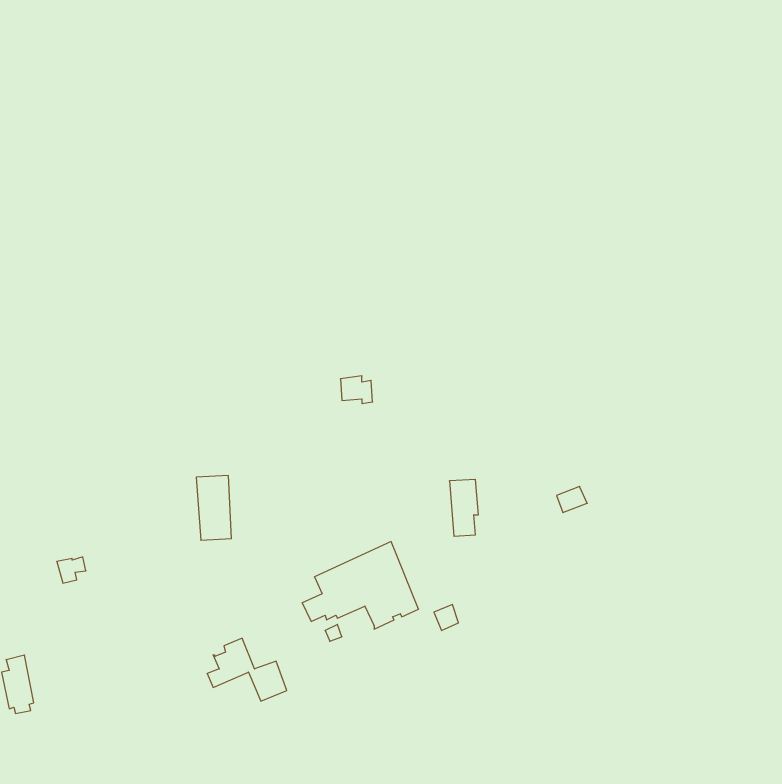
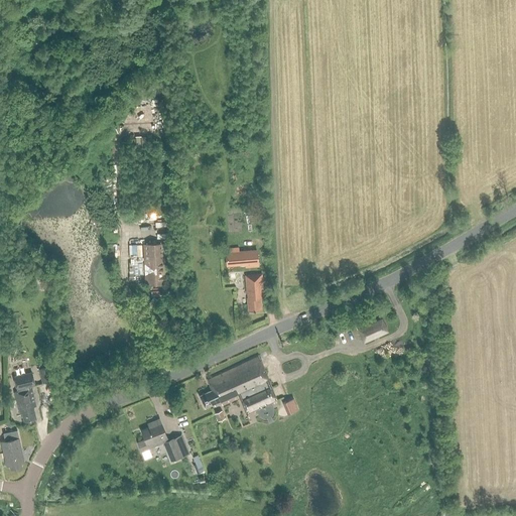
building: [196,476,231,540] -> [142,243,165,285]
building: [449,479,478,536] -> [244,275,263,312]
building: none -> [13,373,35,423]

